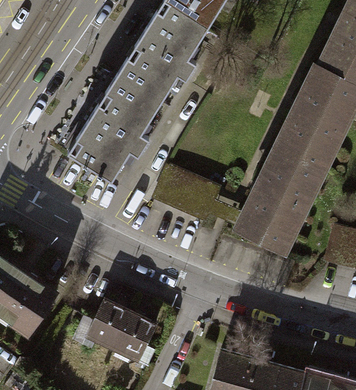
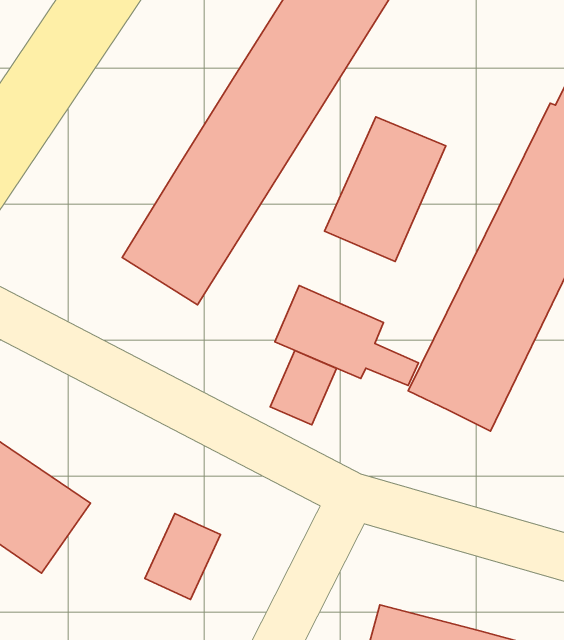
building: none -> [324,117,446,262]
building: none -> [270,350,336,425]
building: [110,311,153,360] -> none

